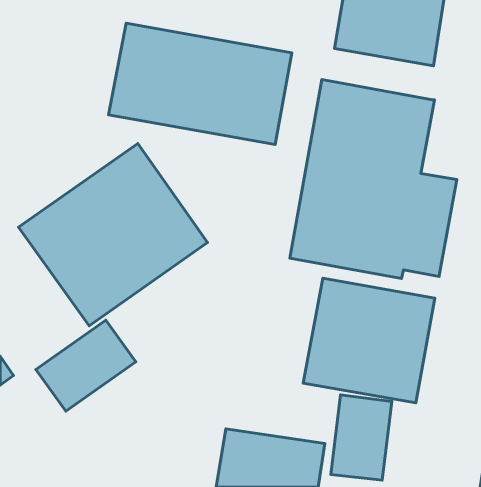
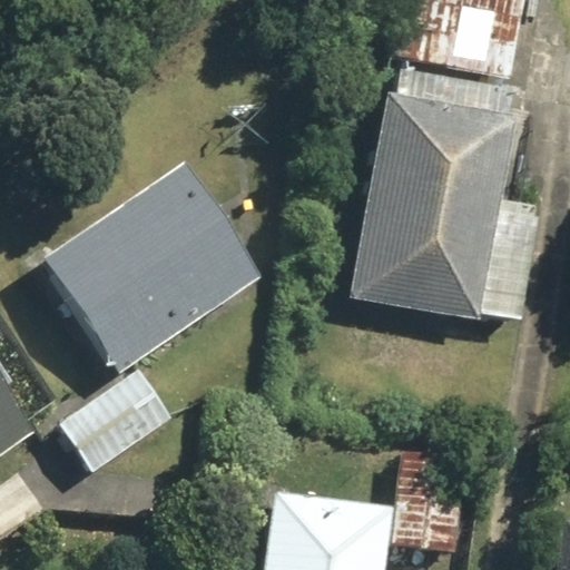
building: [109,23,292,145] -> none
building: [303,278,435,403] -> none

